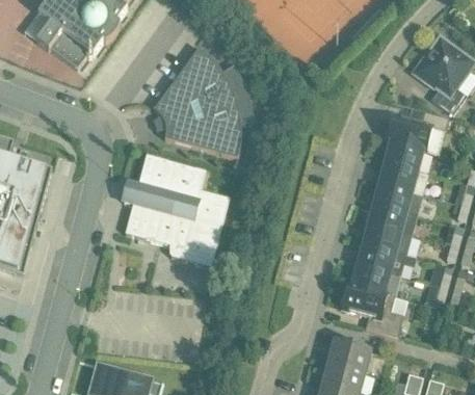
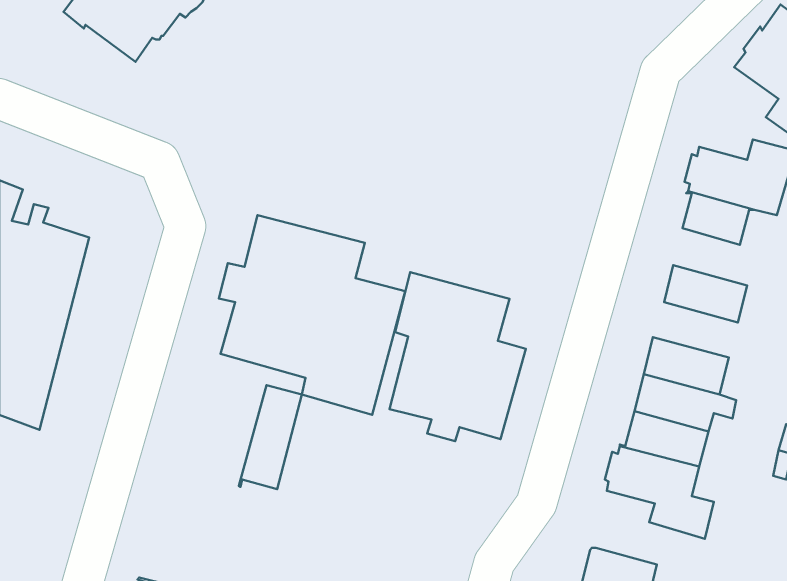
building: [153,47,254,157] -> none
building: [379,161,426,193] -> none
building: none -> [390,272,526,441]
building: [368,203,416,234] -> none
building: none -> [239,385,302,489]

